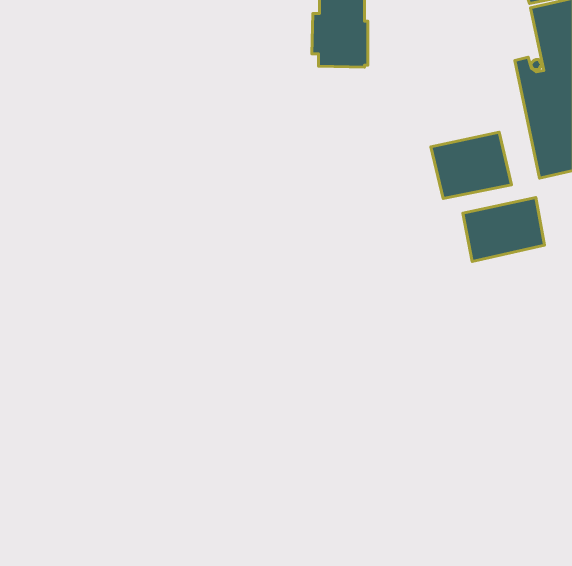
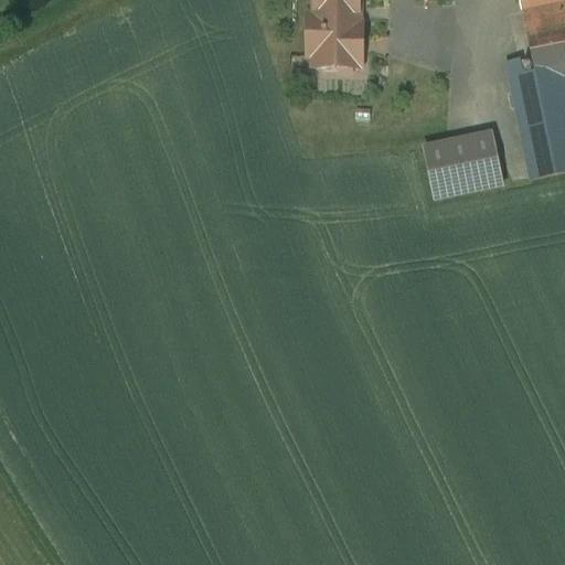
building: [463,198,544,262] -> none

